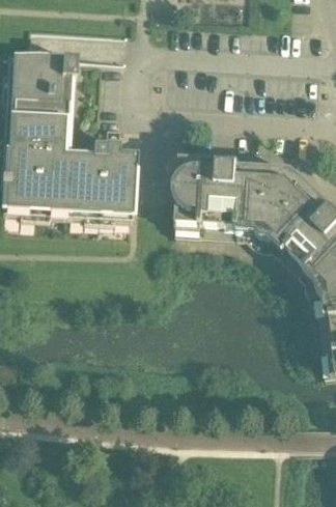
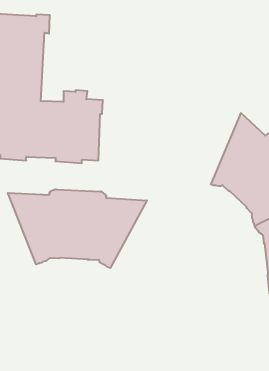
building: [177,156,295,248] -> none
building: none -> [8,189,147,268]

